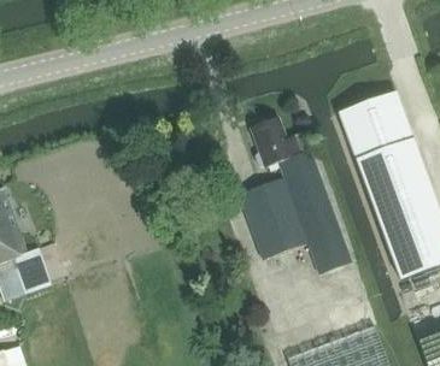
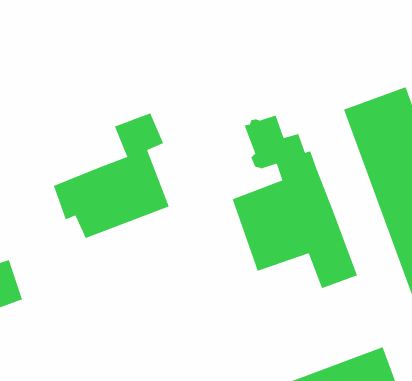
building: none -> [53,112,169,239]

